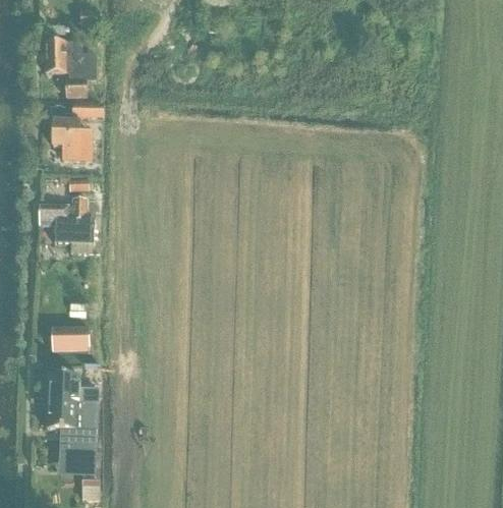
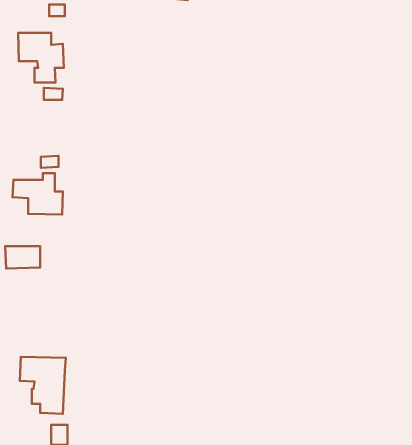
building: [52,121,92,160] -> none
building: [52,327,91,351] -> [5,246,40,268]
building: [48,374,98,402] -> none

